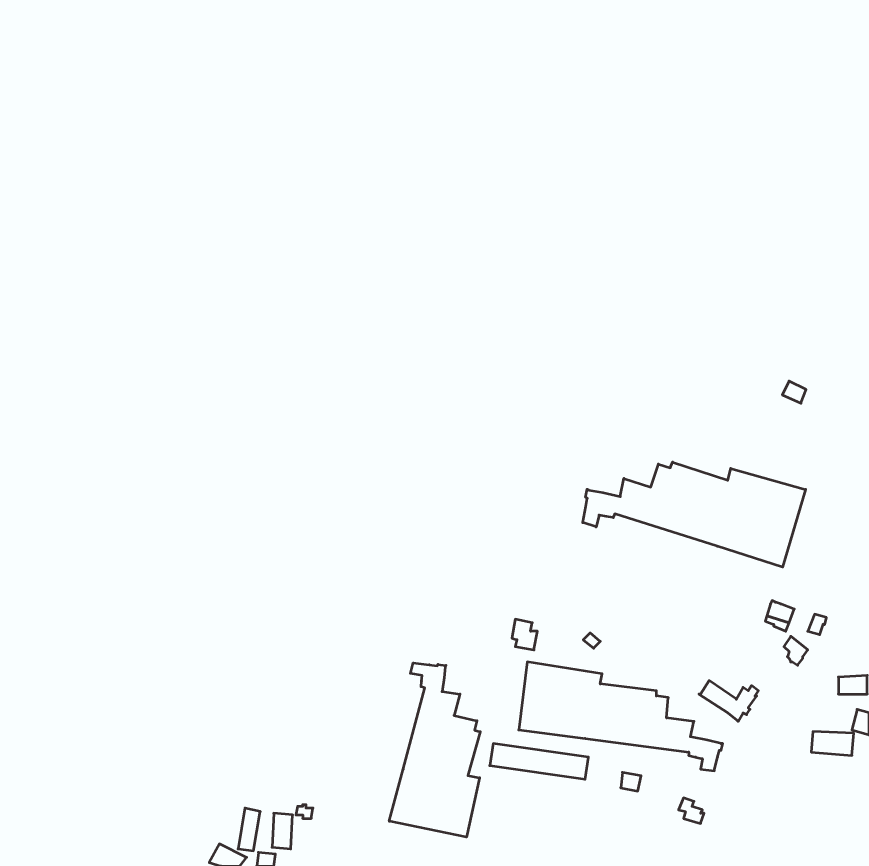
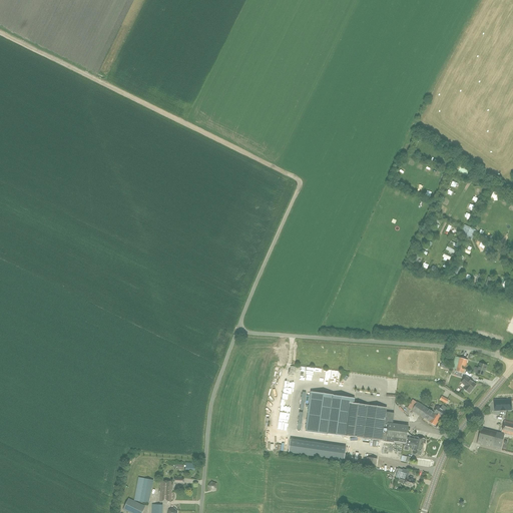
building: [583,462,806,567] -> none
building: [389,663,480,837] -> none

